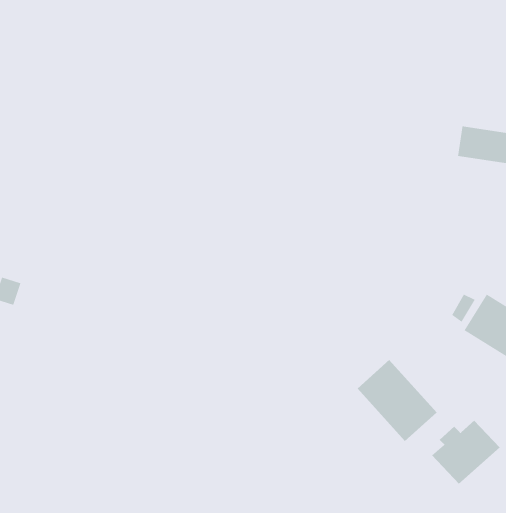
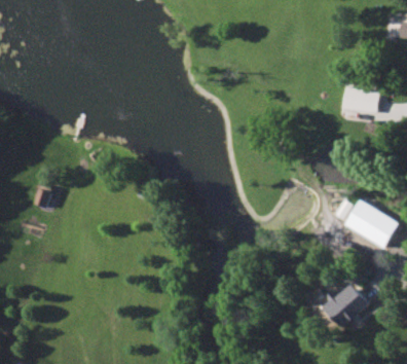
building: [357,359,437,442] -> none

